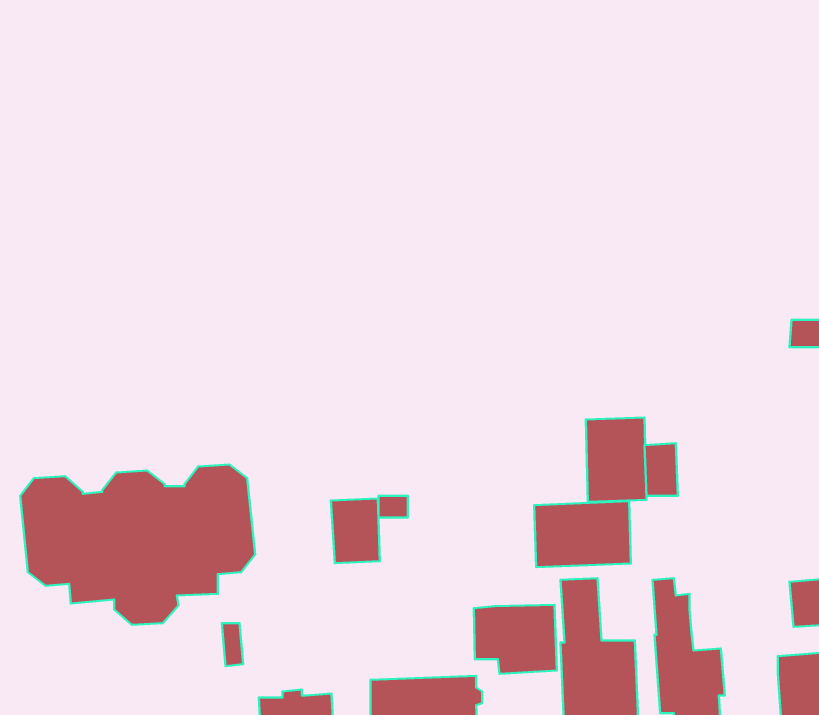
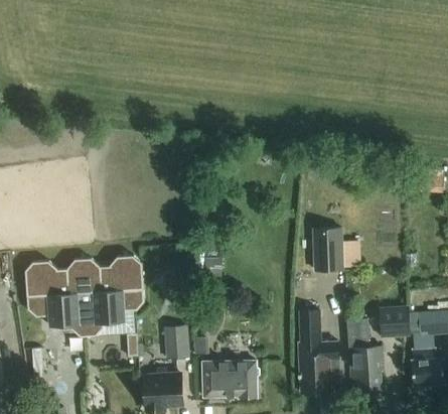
building: [331,498,380,563] -> [163,325,188,359]
building: [534,501,631,567] -> none
building: none -> [379,305,409,337]
building: [474,605,557,674] -> none

